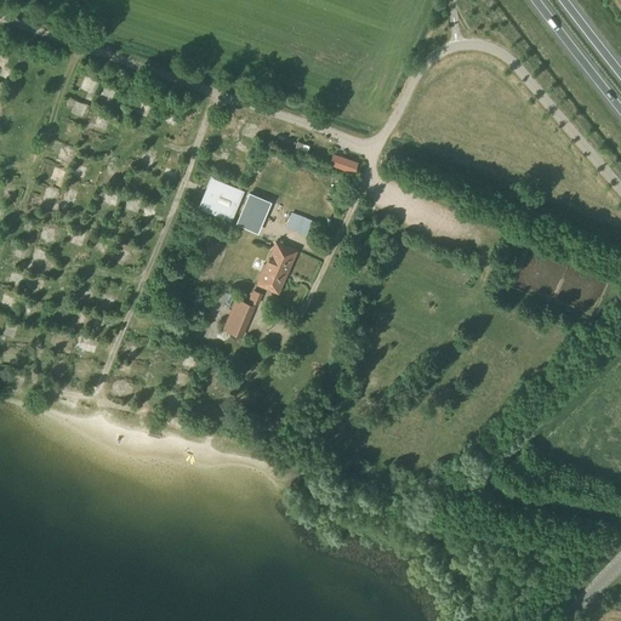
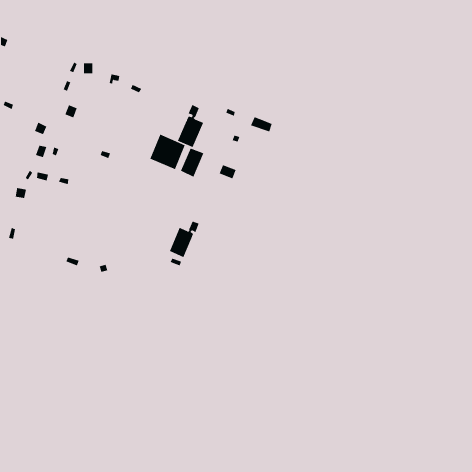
building: none -> [177,104,204,148]
building: [257,241,297,294] -> none

